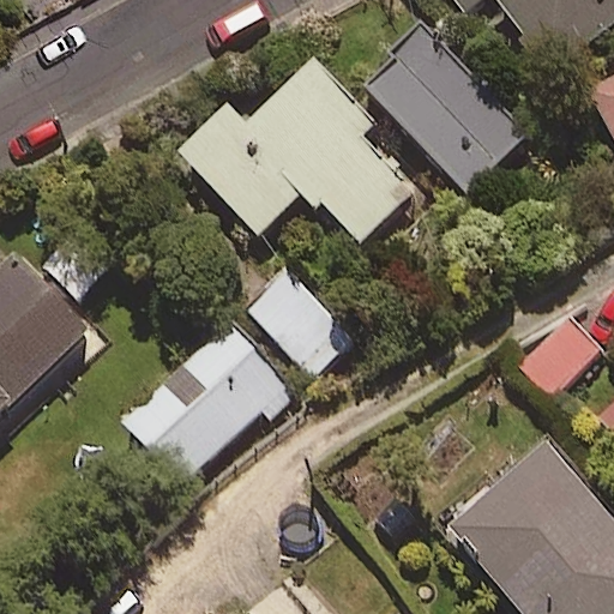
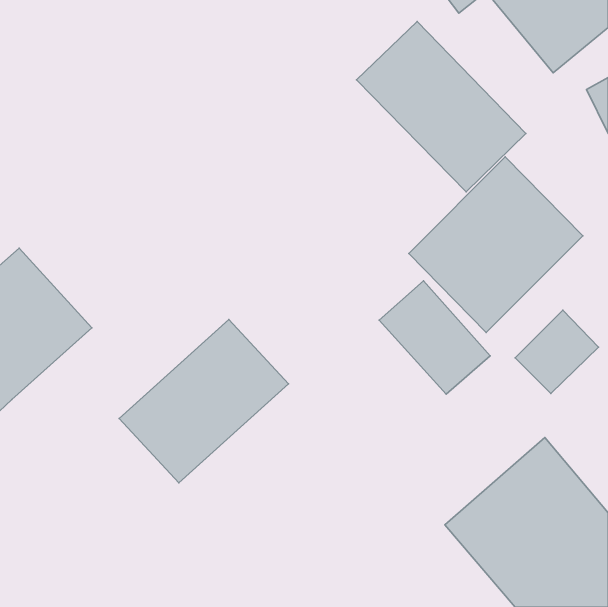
building: [177,58,420,246] -> none
building: none -> [409,157,583,332]
building: [245,269,356,383] -> [379,281,490,394]

